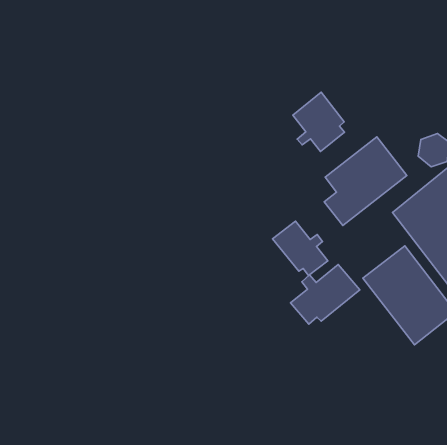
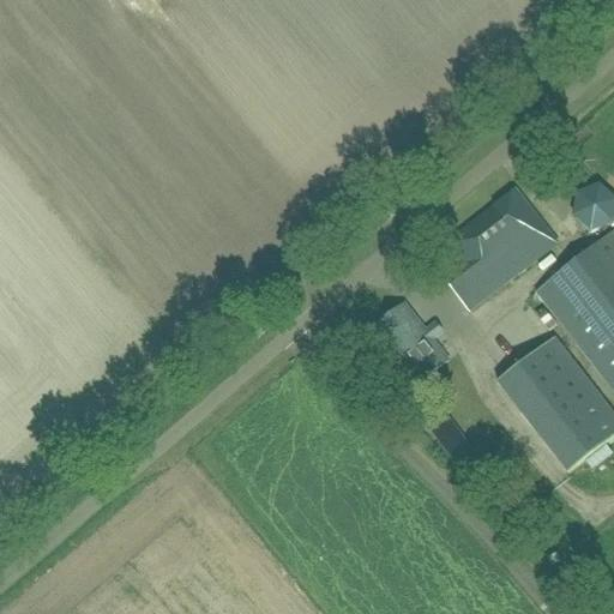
building: [293,92,345,152] -> none
building: [291,265,360,324] -> none

